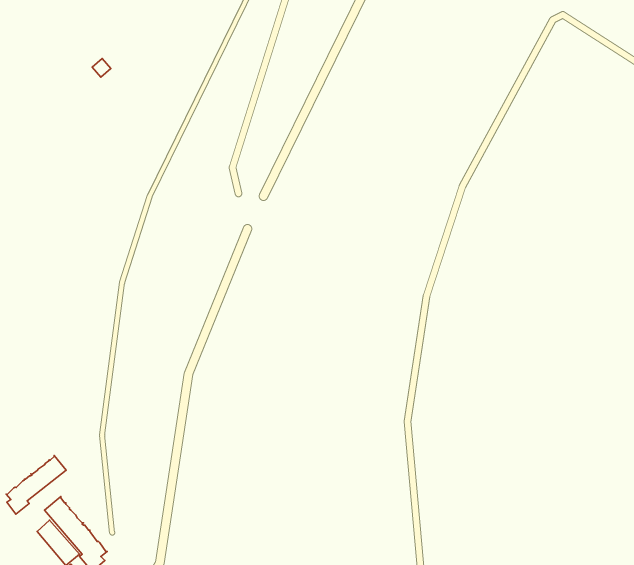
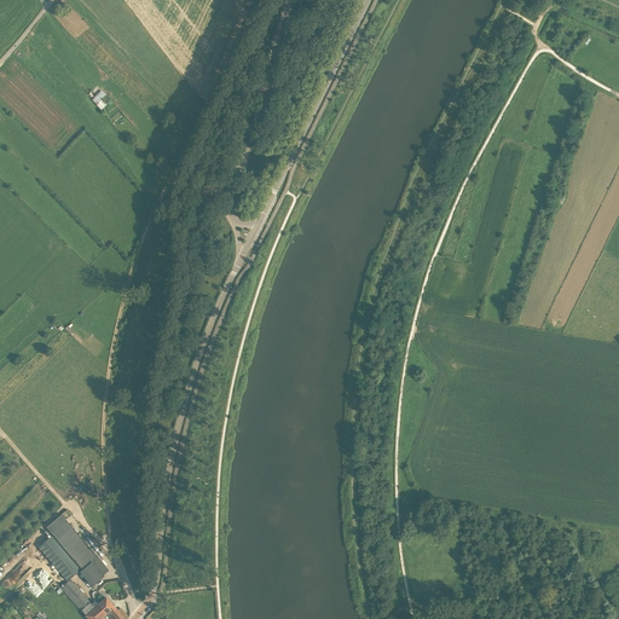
building: [6,455,66,514] -> none

